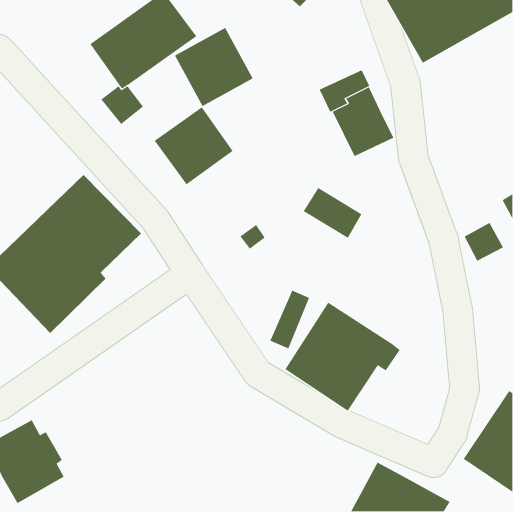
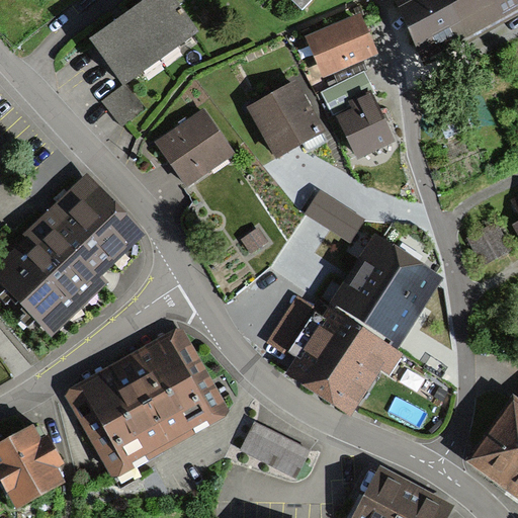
building: none -> [305,10,378,77]
building: [174,27,254,107] -> [246,77,326,157]
building: none -> [330,234,441,346]
building: none -> [66,327,228,474]
building: none -> [240,421,308,477]

